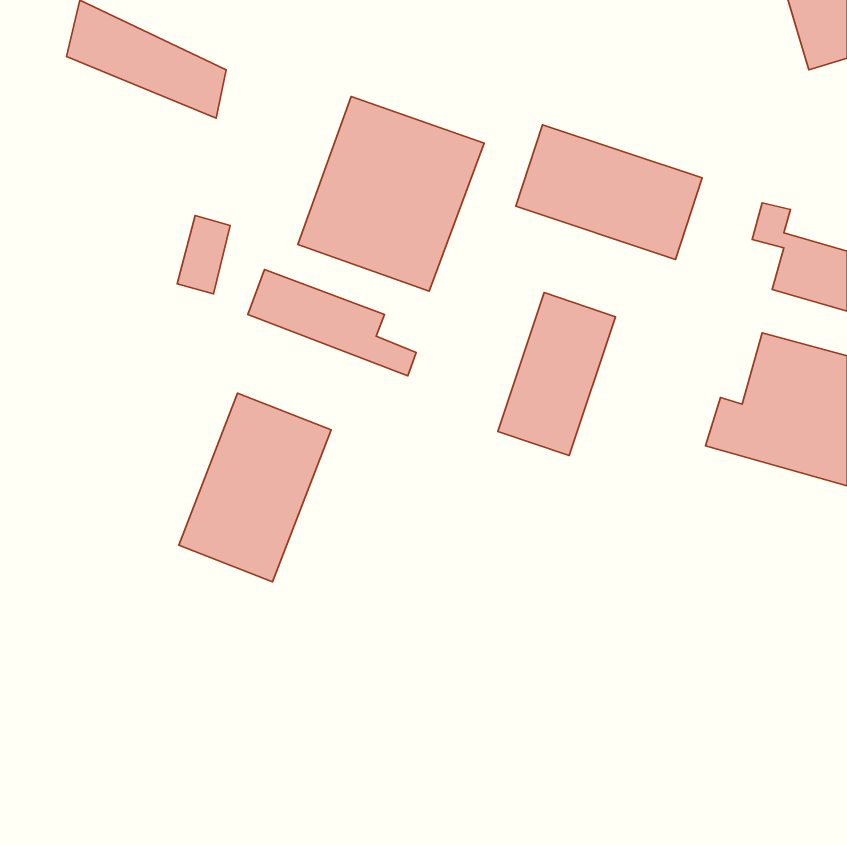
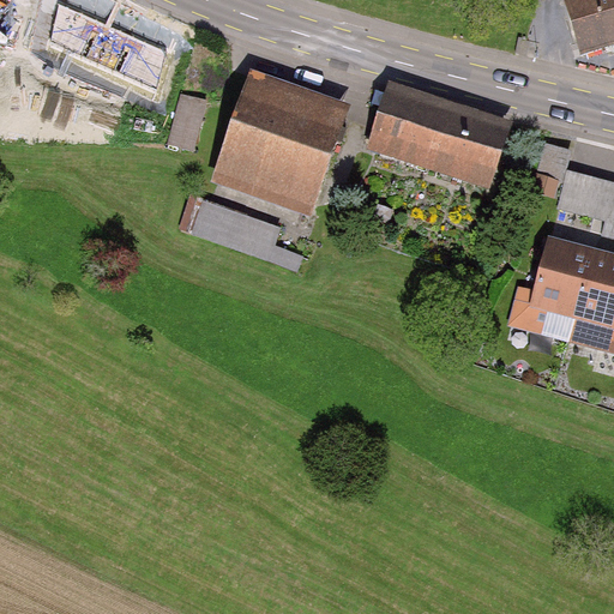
building: [177,216,230,294] -> [165,92,204,149]
building: [498,293,615,456] -> none
building: [179,393,331,582] -> none

